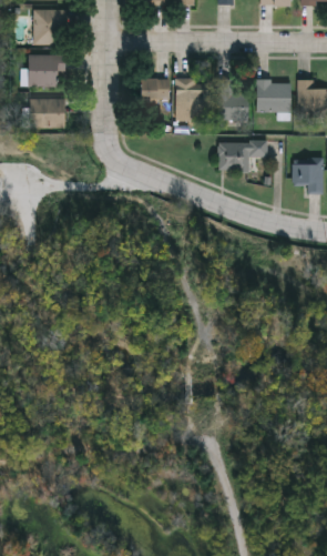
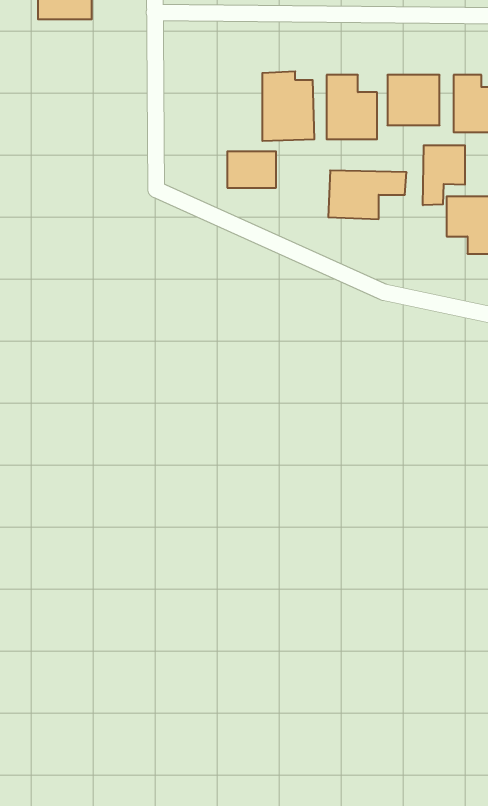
building: [28,54,68,87] -> none
building: [137,78,168,101] -> [227,151,276,188]
building: [30,99,64,128] -> none
building: none -> [423,145,465,205]

